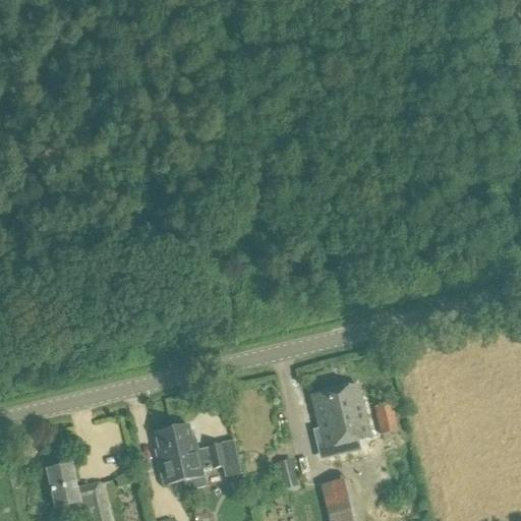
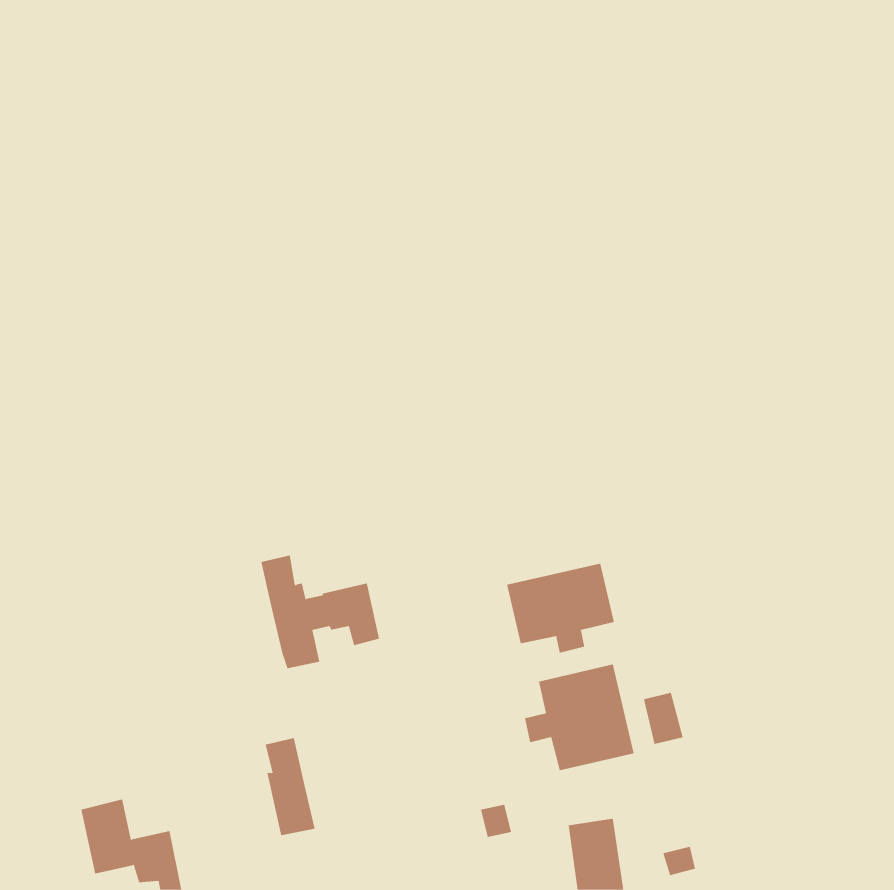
building: none -> [507,563,614,654]
building: [171,424,240,490] -> [261,555,380,669]

